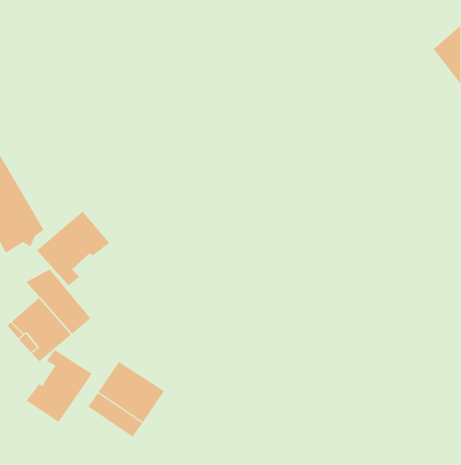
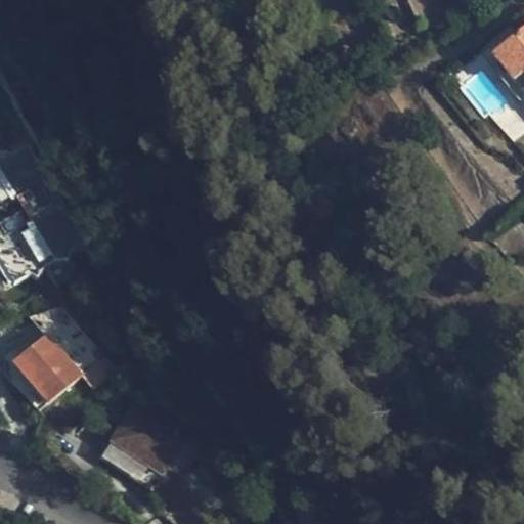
building: [36,211,110,286] -> none
building: [26,349,92,423] -> none

